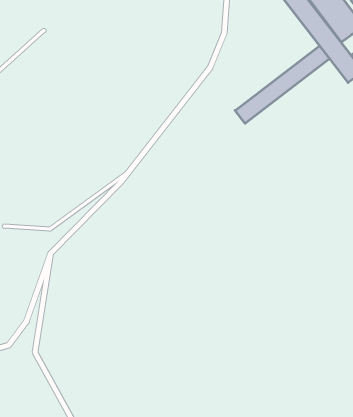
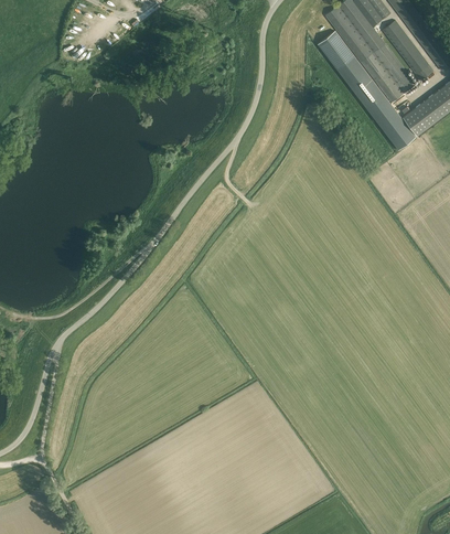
building: [235,46,330,123] -> none

